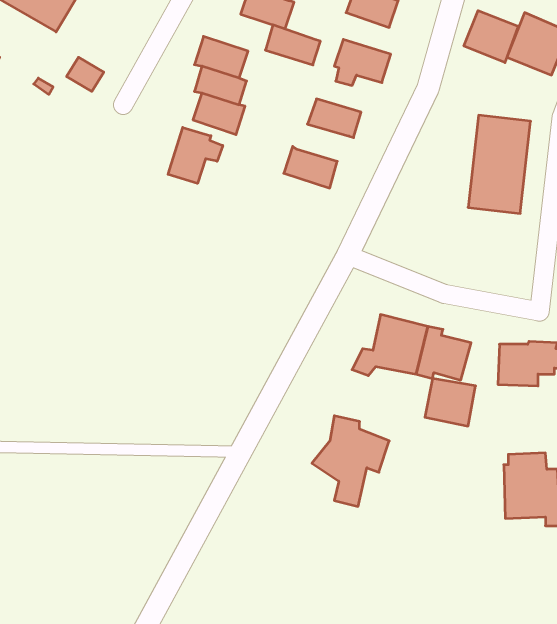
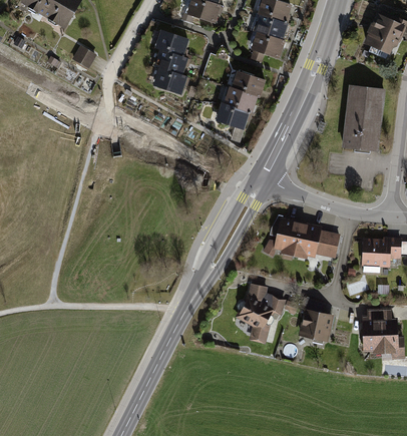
building: [464,11,518,63] -> none
building: [265,25,320,65] -> [252,13,289,40]
building: none -> [224,87,259,114]
building: [168,127,223,183] -> none
building: [425,379,476,426] -> [298,311,332,343]

